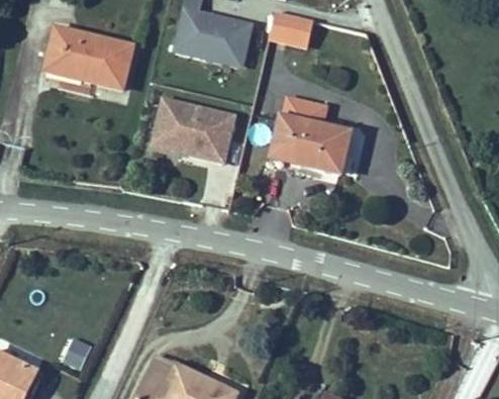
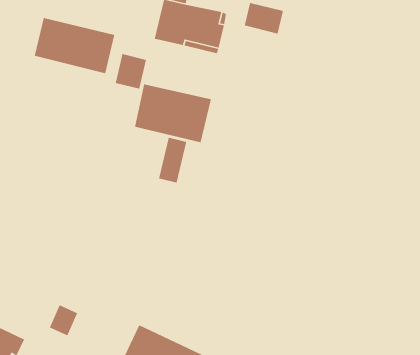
building: none -> [115,53,147,89]
building: [271,97,348,174] -> none
building: none -> [158,137,187,184]

